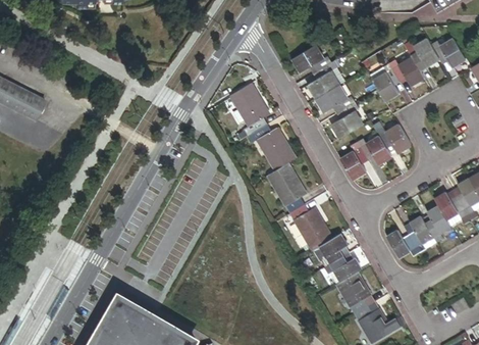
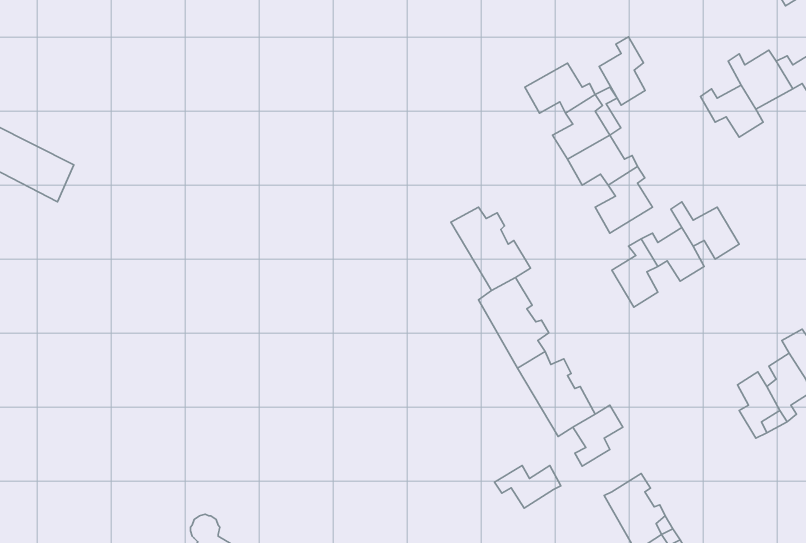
building: [373,62,398,100] -> [599,37,645,105]
building: [230,82,269,132] -> none
building: [386,229,420,256] -> none
building: [324,257,361,281] -> [494,466,561,508]

